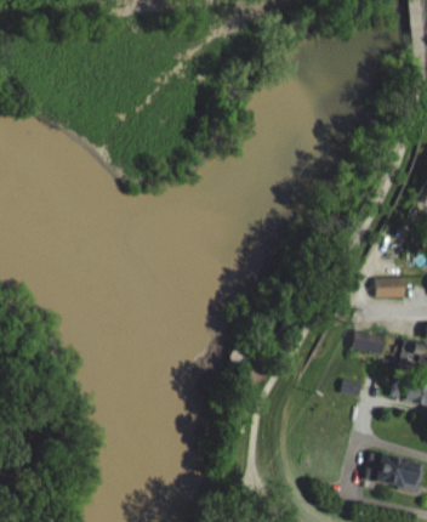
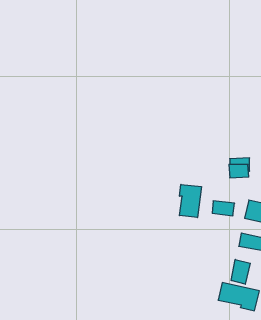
building: none -> [179,184,201,218]
building: none -> [231,259,250,284]

